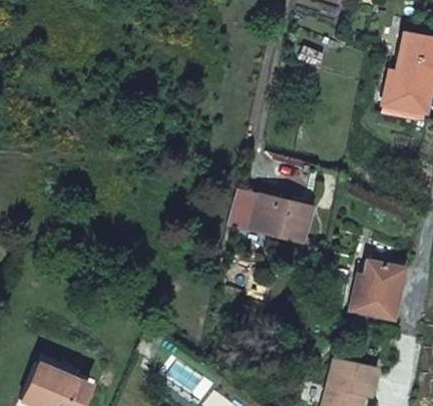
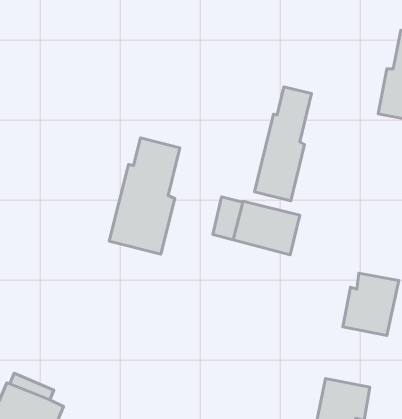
building: none -> [254,87,312,201]
building: none -> [109,138,180,254]

